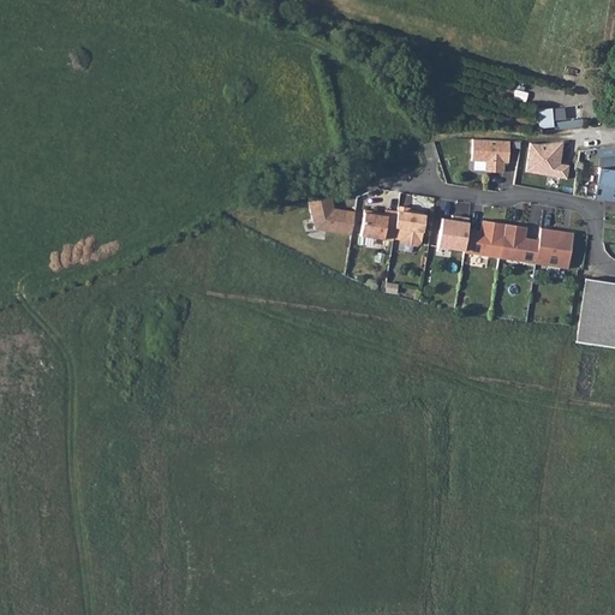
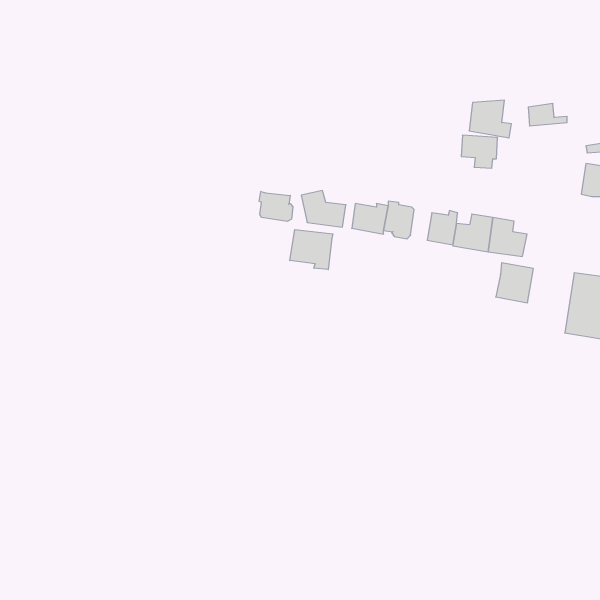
building: [527,143,571,181] -> [469,100,511,138]
building: none -> [259,191,293,221]
building: [535,228,573,269] -> [496,263,533,303]
building: none -> [290,230,333,270]

